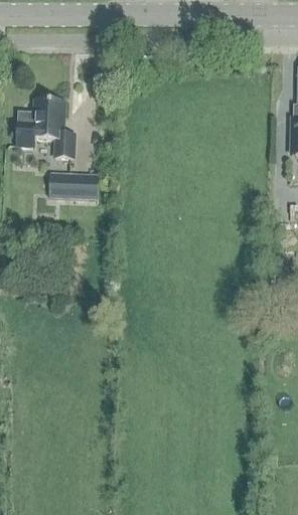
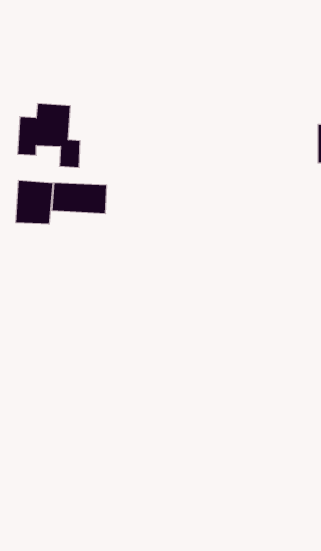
building: none -> [16,180,53,224]

